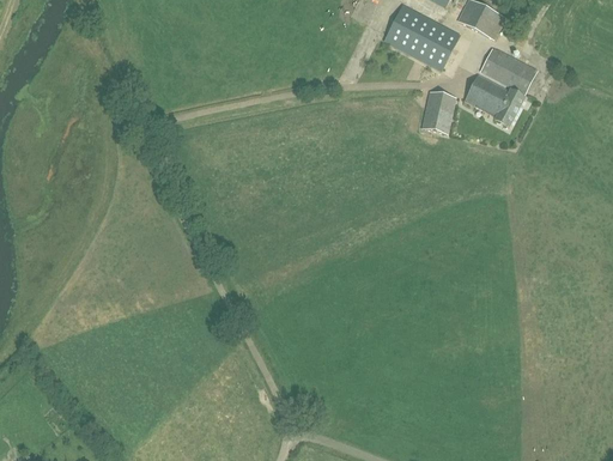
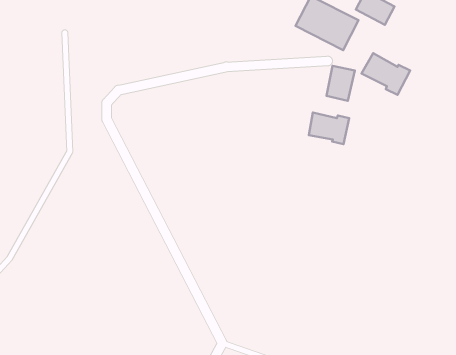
building: [479,48,535,92] -> none
building: none -> [309,113,349,144]

